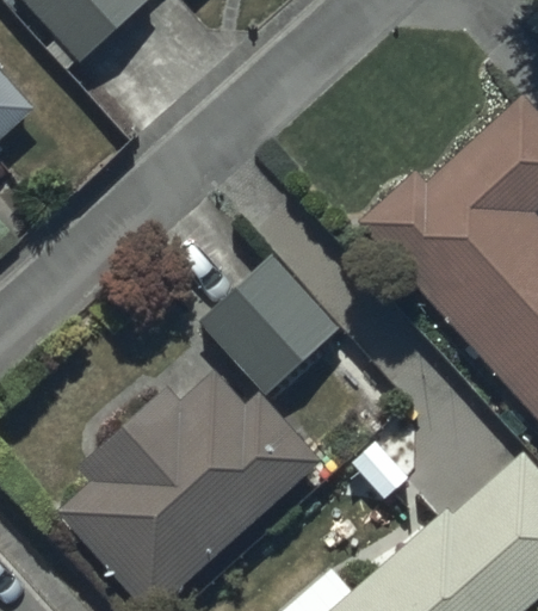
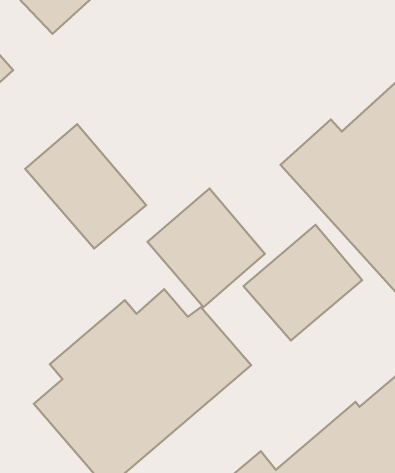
building: none -> [25,124,146,249]
building: none -> [244,225,362,341]

